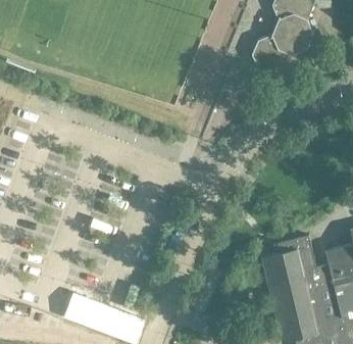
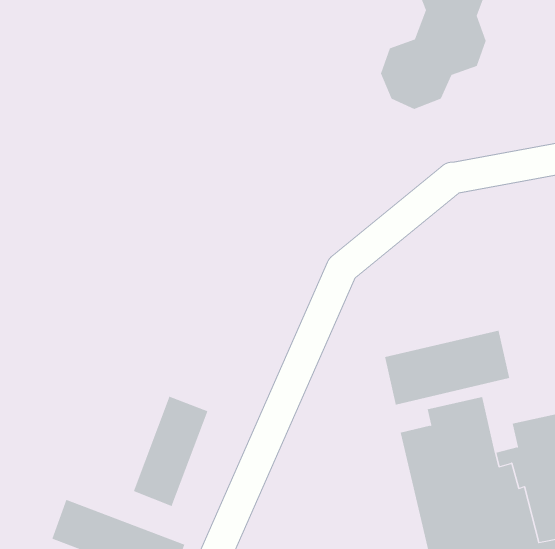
building: none -> [384,330,510,405]
building: none -> [133,396,208,507]

